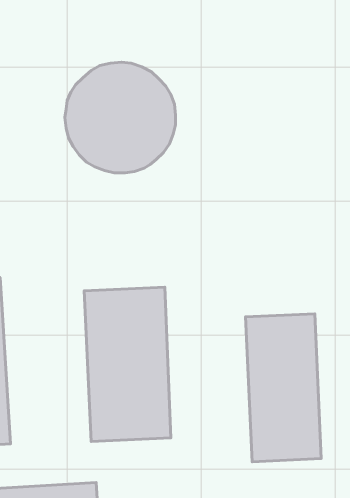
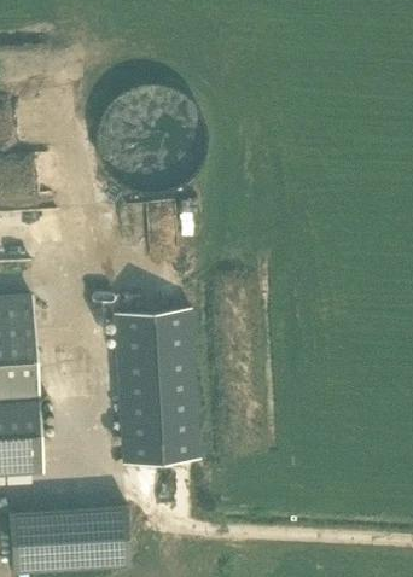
building: [246,314,321,462] -> none

